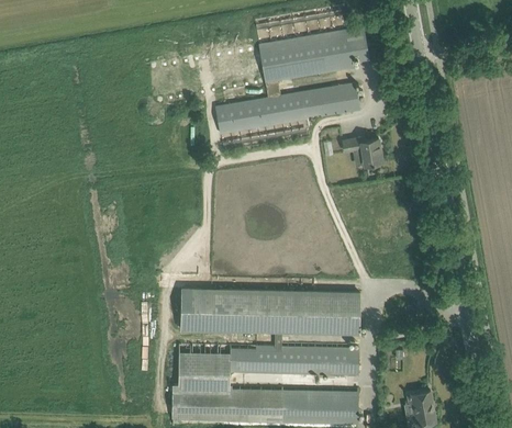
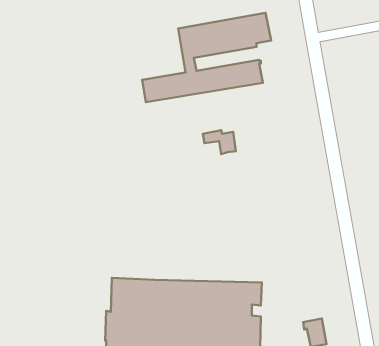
building: [342,137,381,166] -> [203,130,236,154]
building: [180,288,359,334] -> none

